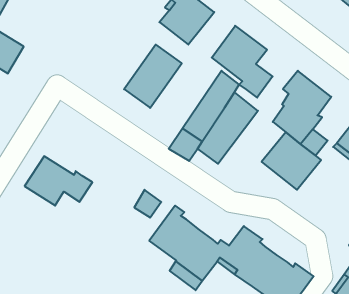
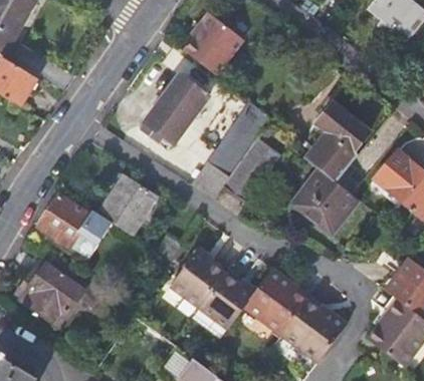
building: [212,26,273,98] -> none
building: none -> [99,180,154,234]
building: none -> [16,256,90,323]

